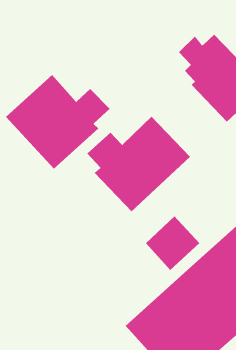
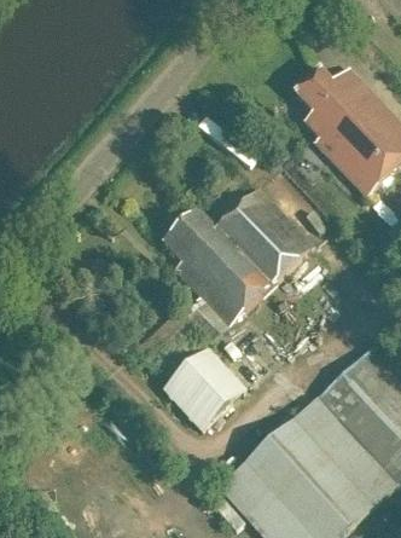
building: [5,74,110,170] -> none
building: [145,215,200,271] -> [162,349,242,429]

